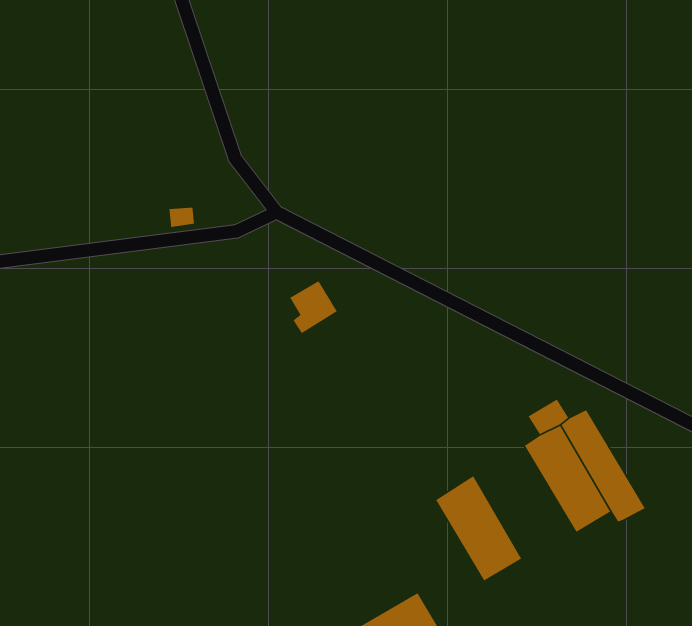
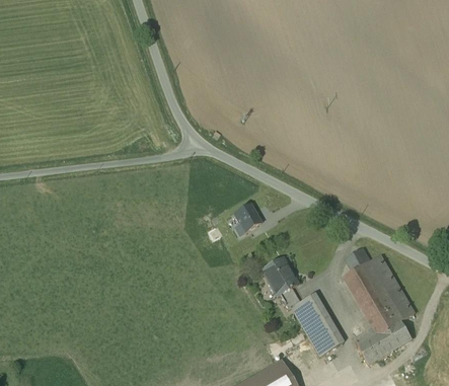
building: [289,280,338,334] -> [233,204,261,235]
building: none -> [261,256,300,308]
building: none -> [354,314,411,363]

